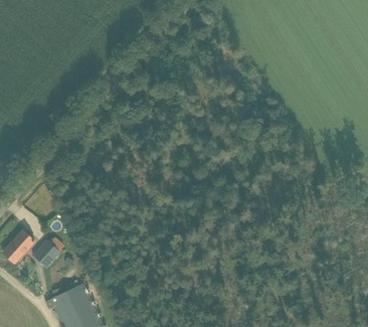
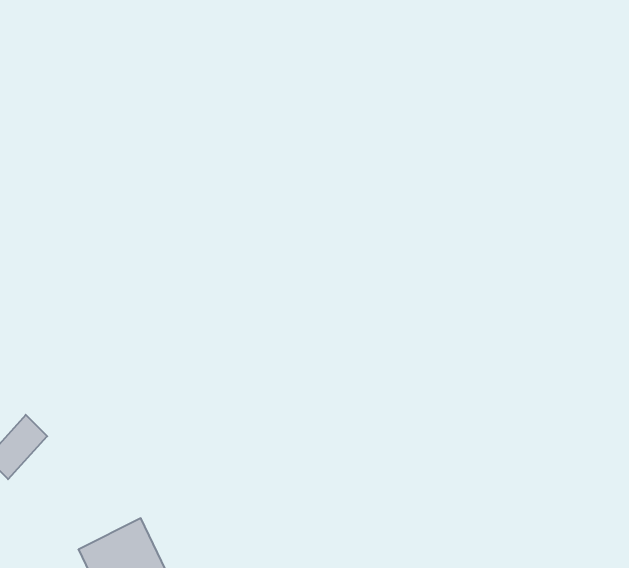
building: [33,239,60,267] -> none

